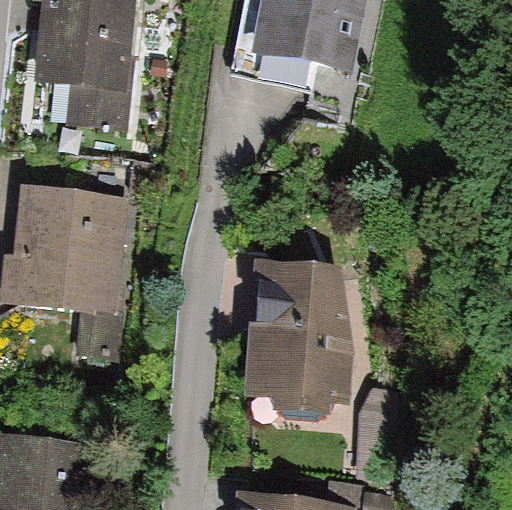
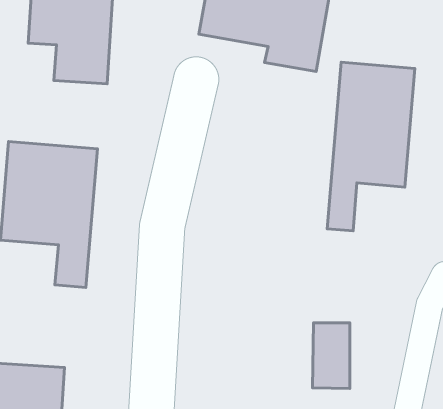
building: none -> [327,62,415,231]
building: [240,266,369,408] -> none

